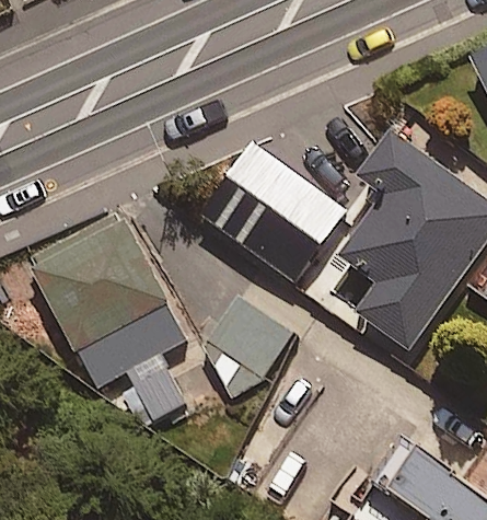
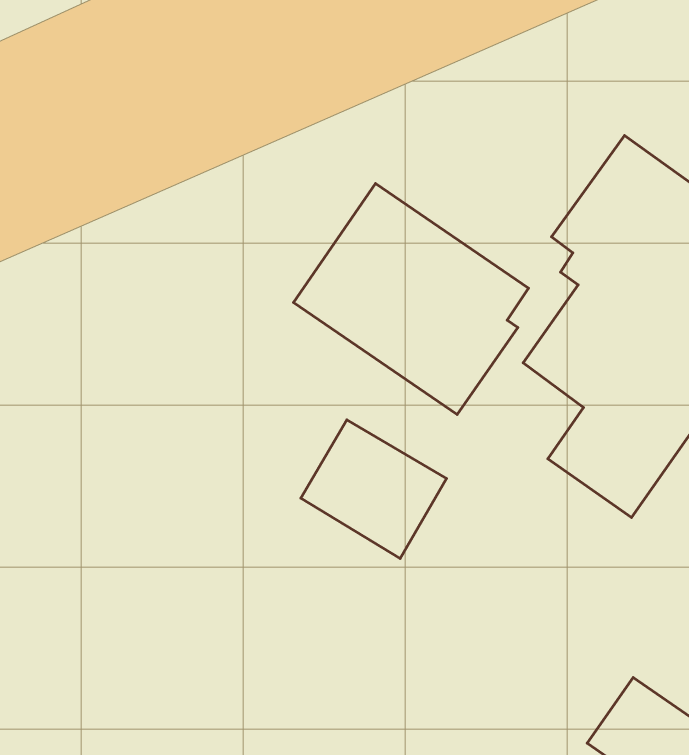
building: [33,217,182,415] -> none

